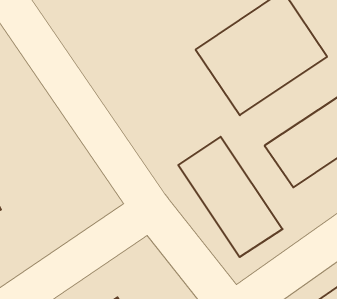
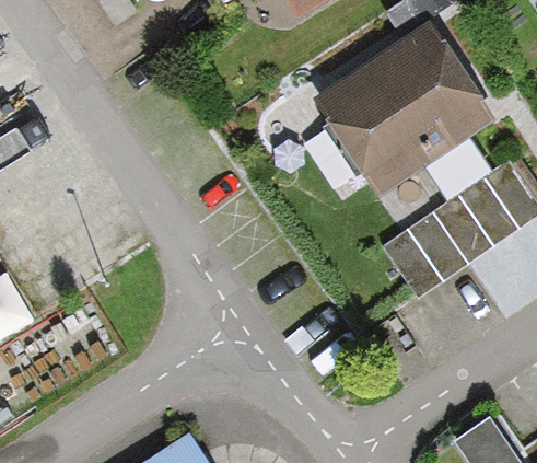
building: [178,137,283,257] -> none

